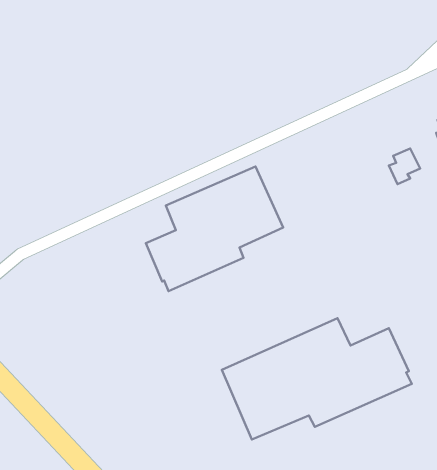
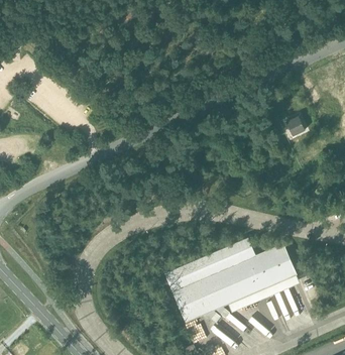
building: [146,166,283,291] -> none

